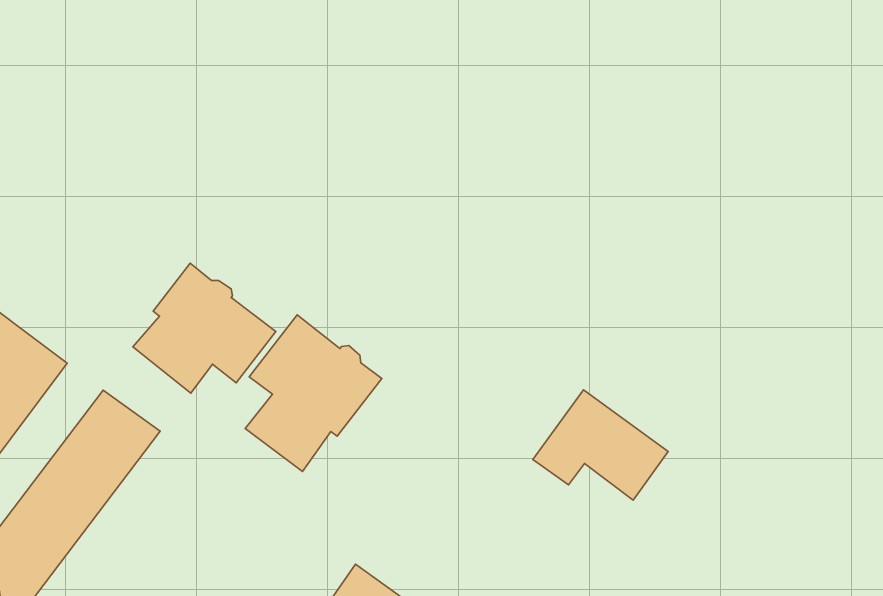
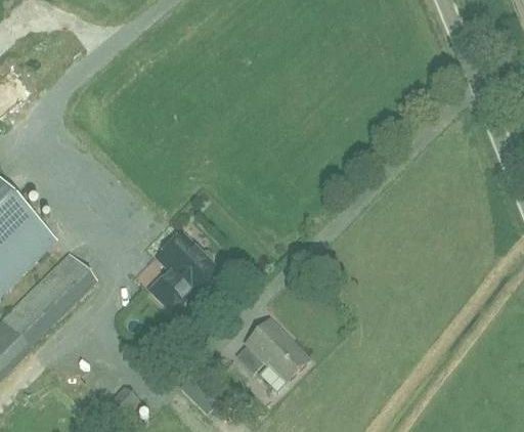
building: [133,263,276,393] -> none
building: [533,390,668,500] -> [235,319,309,383]

